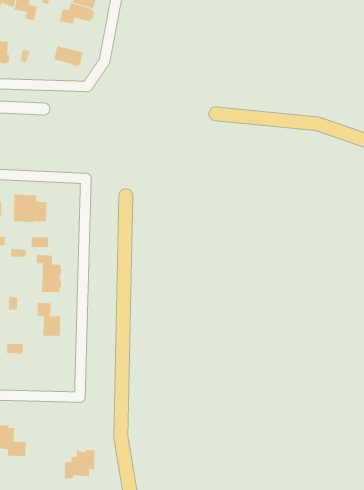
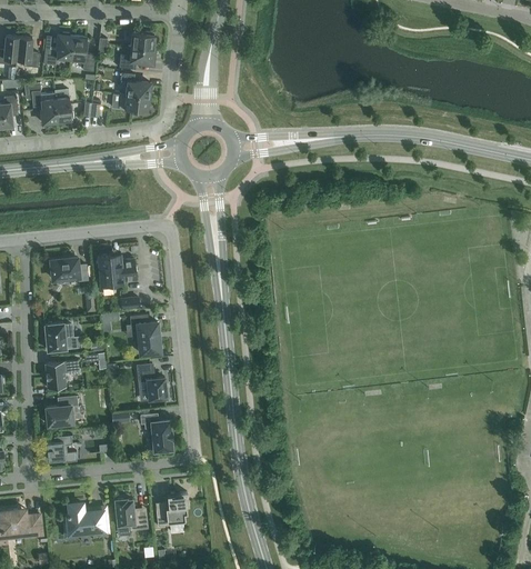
building: none -> [120,72,152,97]
building: none -> [140,413,172,451]
building: [64,449,96,479] -> [156,492,189,527]

